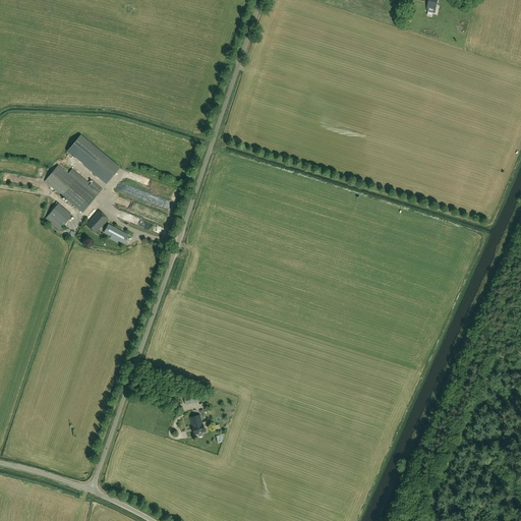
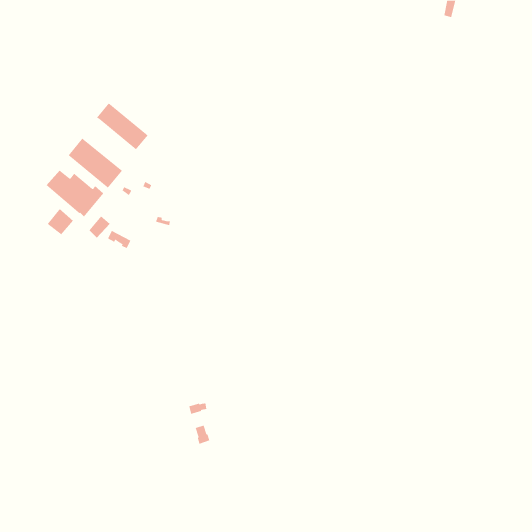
building: none -> [96,103,148,150]

